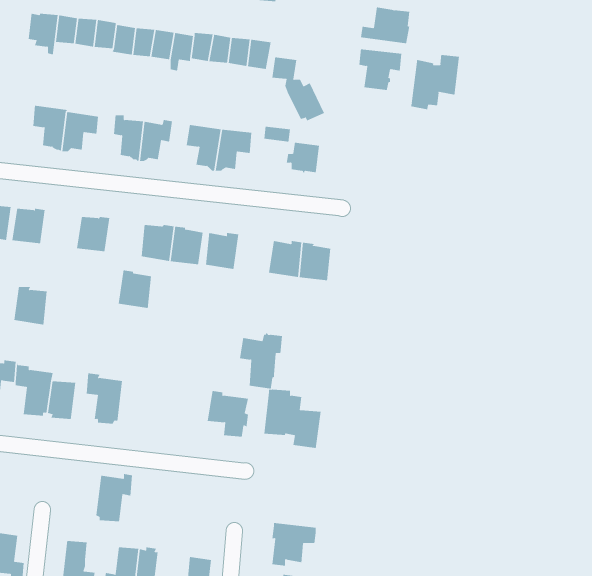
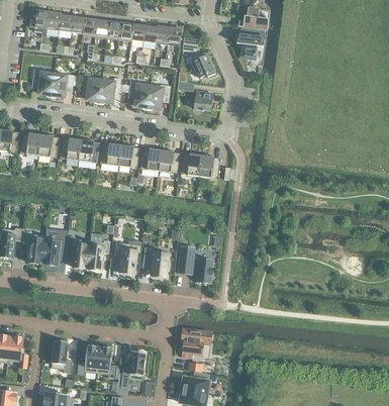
building: [411,54,459,110] -> none
building: none -> [159,148,180,173]
building: [118,270,152,309] -> [78,138,99,163]
building: [13,286,47,325] -> [37,133,59,158]
building: [239,333,283,389] -> [113,238,140,274]
building: [96,474,133,522] -> [86,239,109,270]

